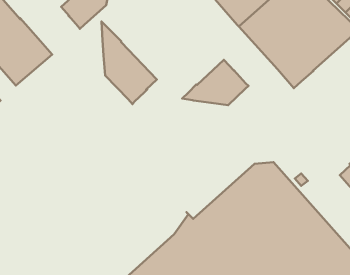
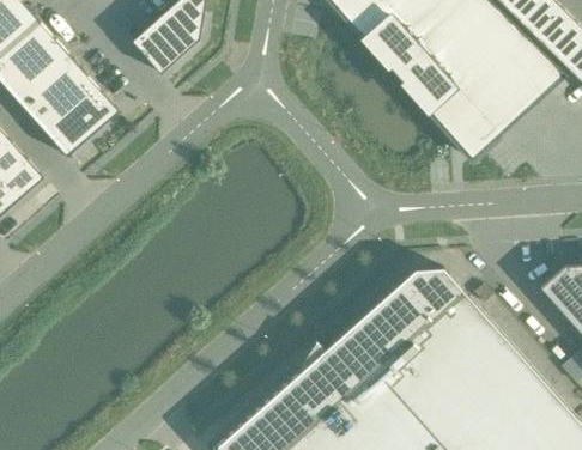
building: [102,21,157,104] -> none
building: [182,60,249,105] -> none

